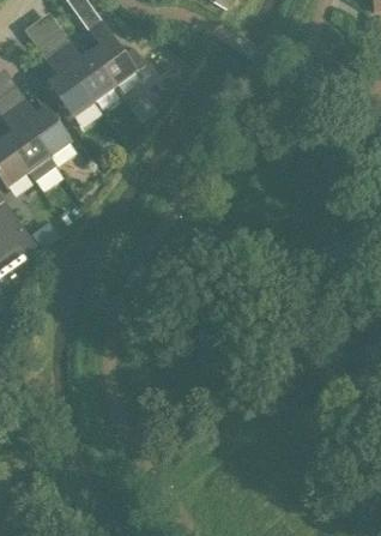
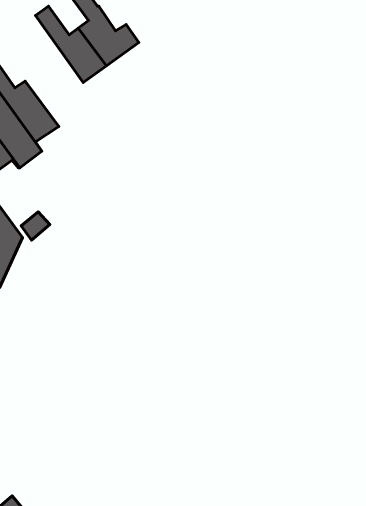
building: [37,37,93,115] -> none

